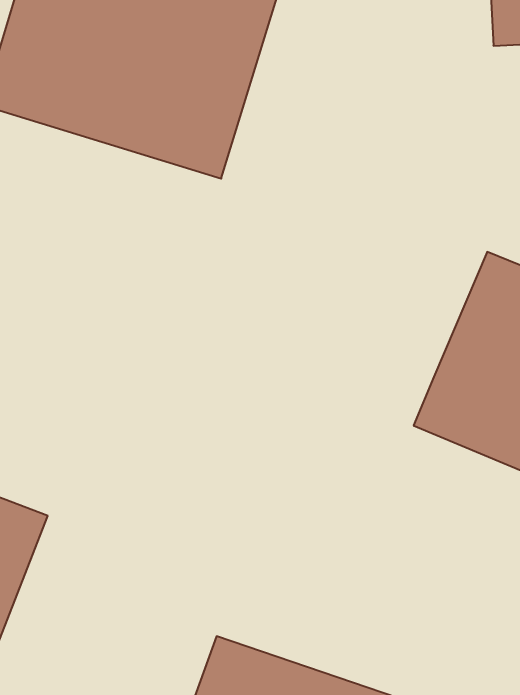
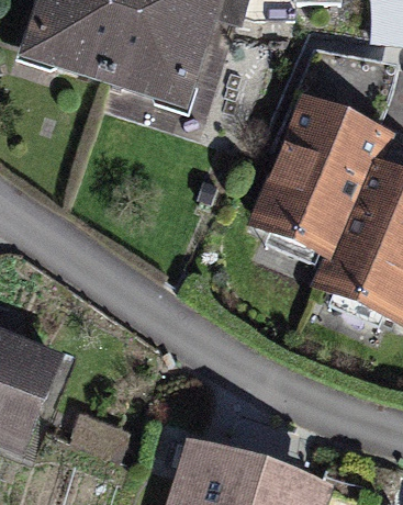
building: none -> [255,110,388,267]

